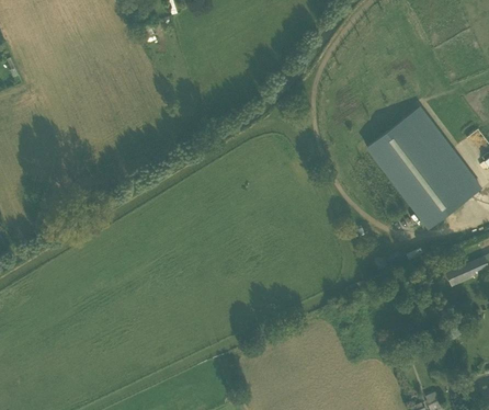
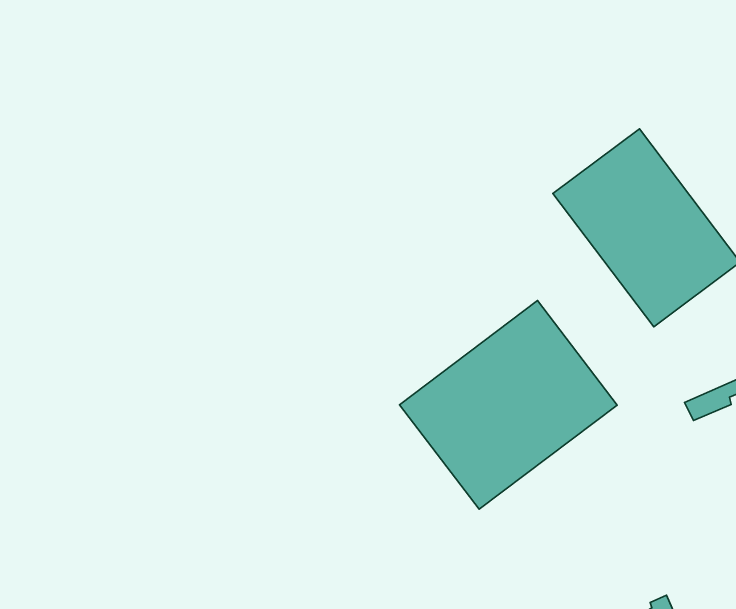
building: none -> [400,301,617,509]

